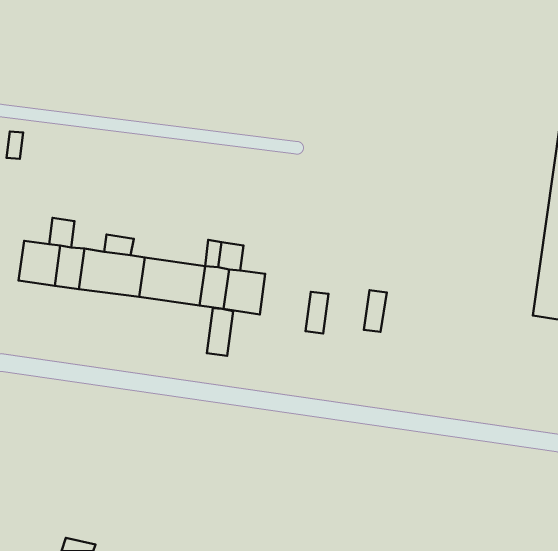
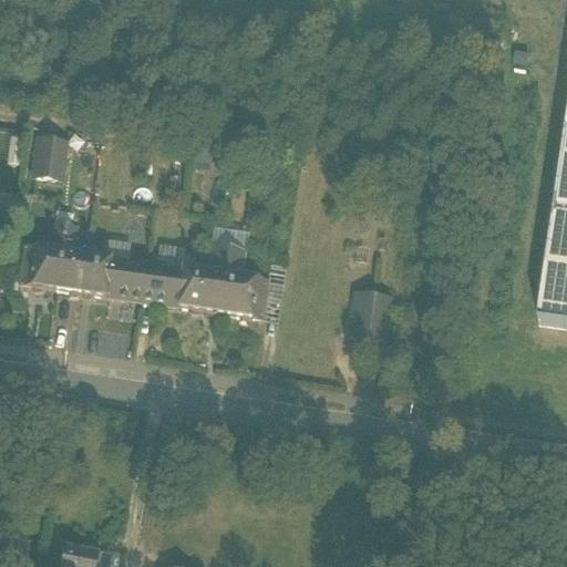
building: none -> [35,137,68,177]
building: [305,292,329,333] -> [352,291,375,333]
building: [207,308,233,356] -> none

